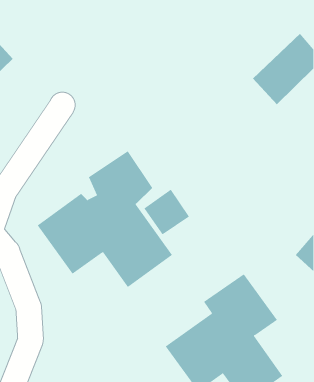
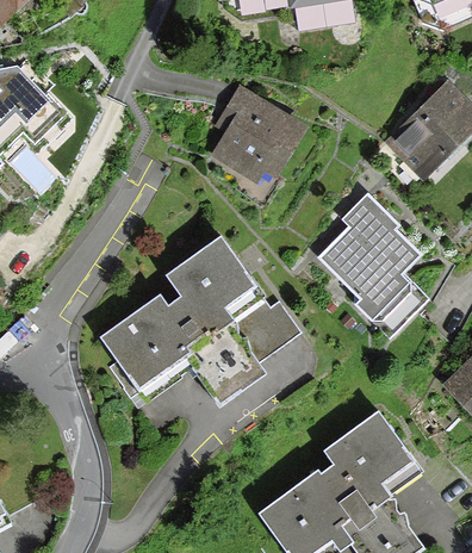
building: none -> [200,88,306,185]
building: none -> [315,191,428,335]

